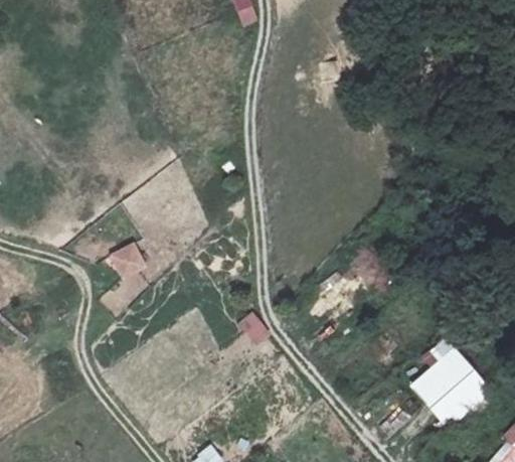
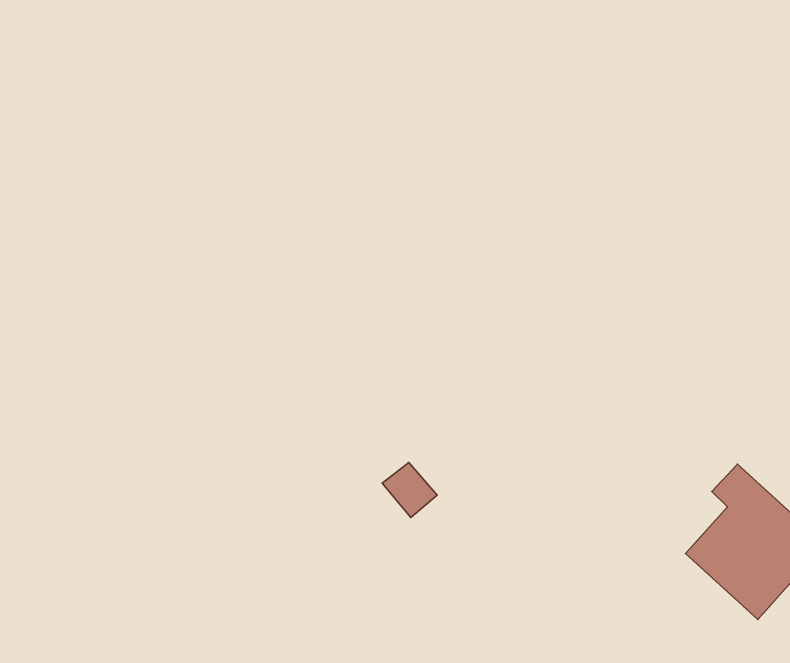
building: [109,242,149,282] -> none

